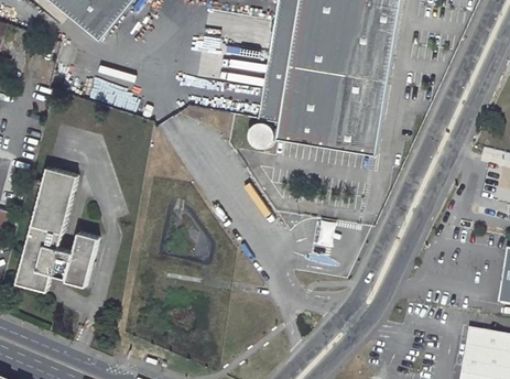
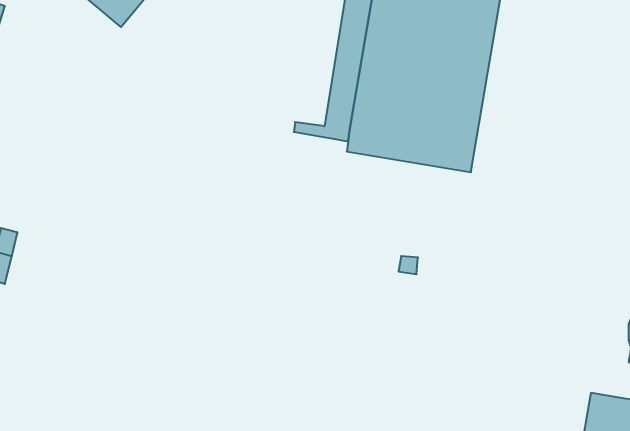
building: [15,164,100,289] -> none

